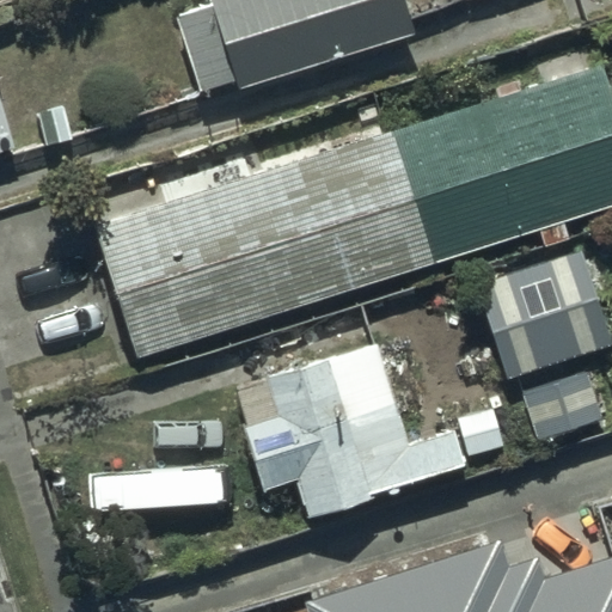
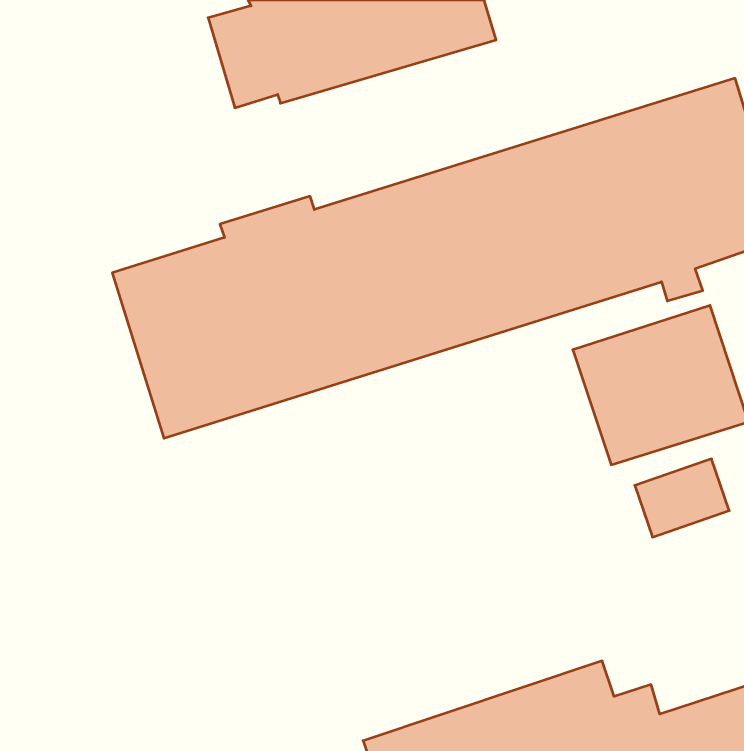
building: [245,342,469,515] -> none

